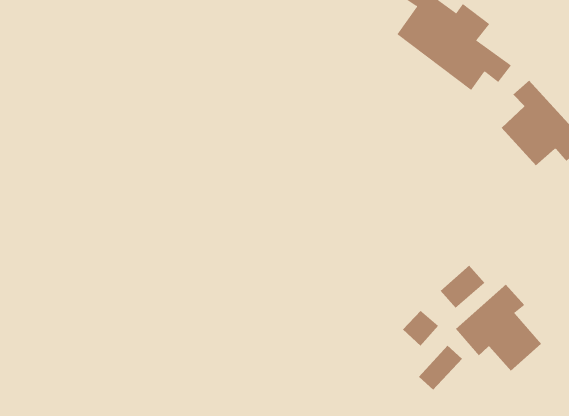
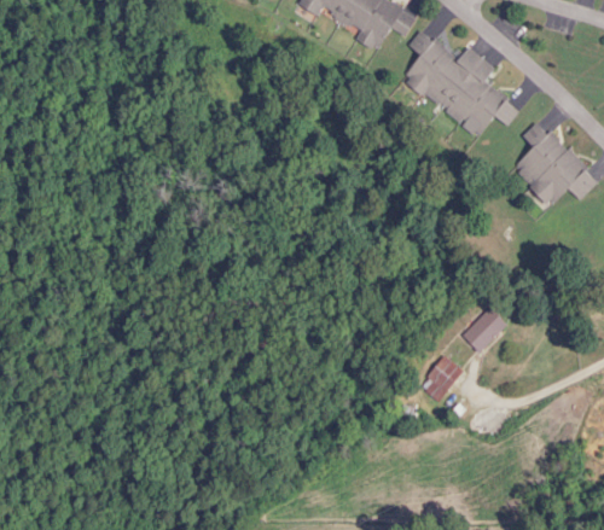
building: [455,284,542,371] -> none
building: [418,345,463,391] -> none

